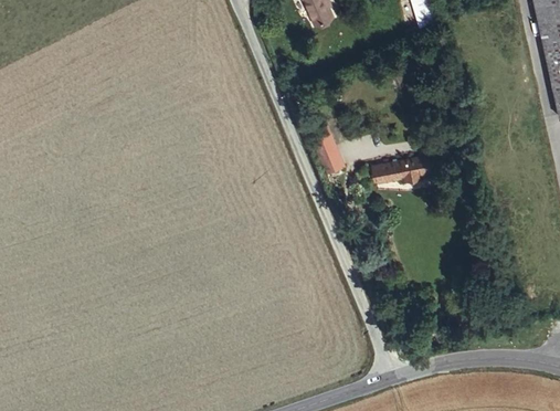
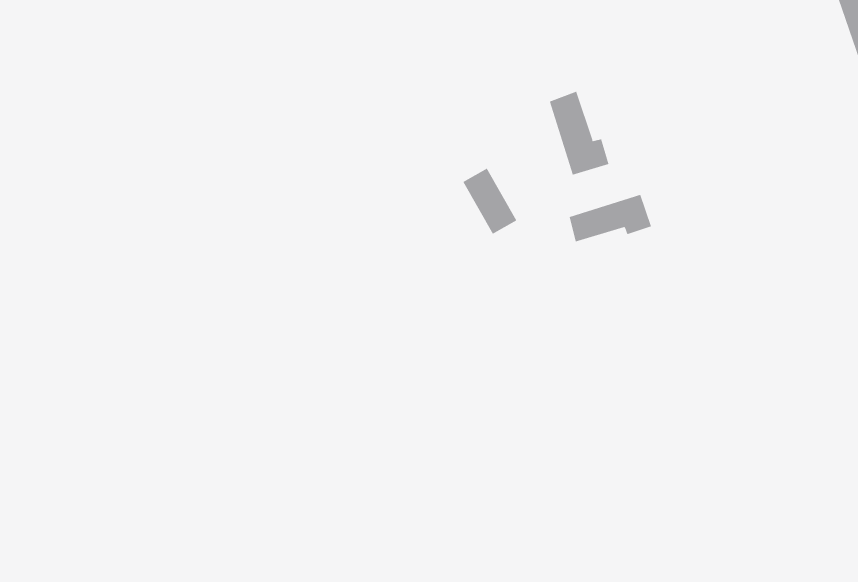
building: none -> [549,91,609,175]

